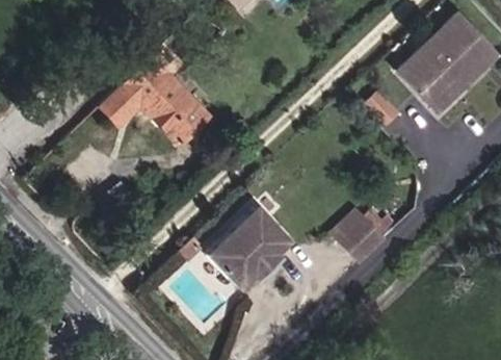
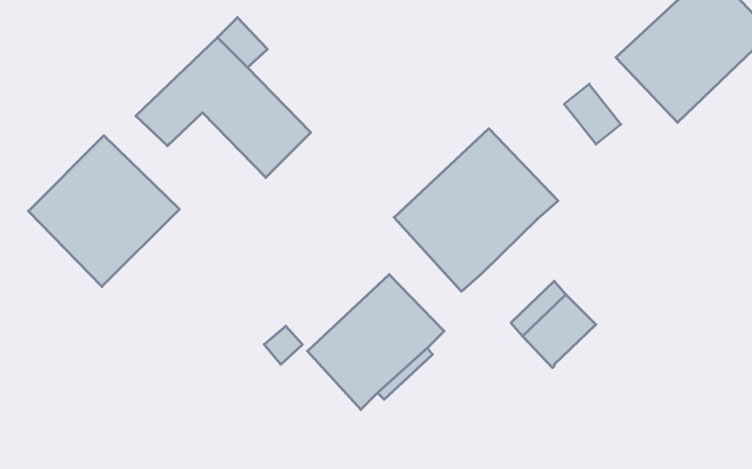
building: none -> [394,129,558,291]
building: none -> [28,136,179,287]

